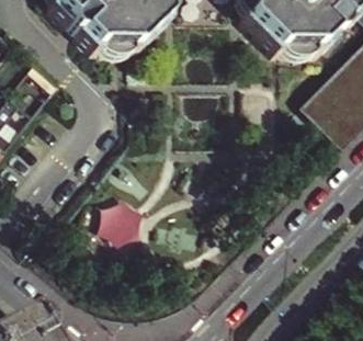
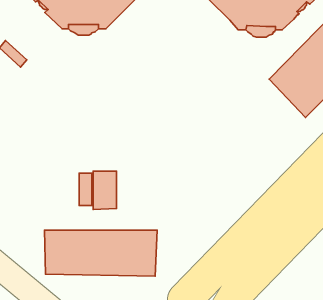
building: none -> [45,230,157,276]

